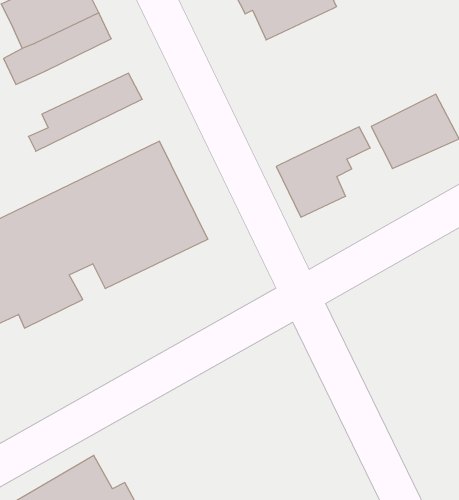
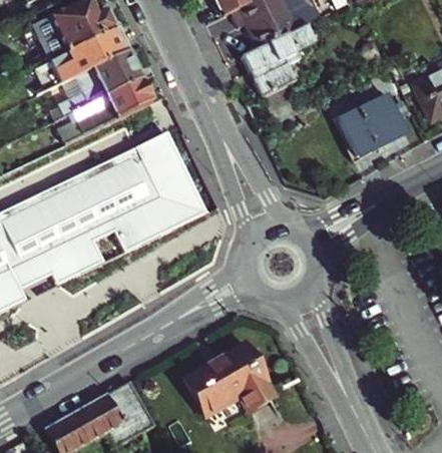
building: none -> [60,48,143,113]
building: [276,127,370,217] -> [243,23,319,96]
building: none -> [181,341,272,414]

